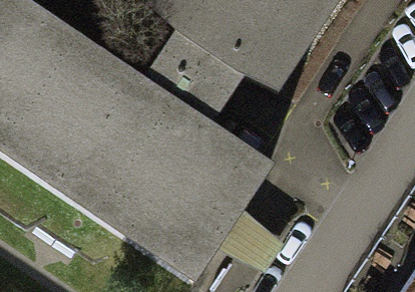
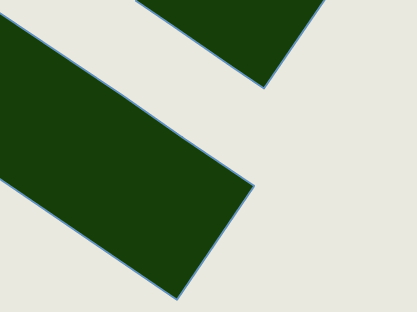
building: [138,29,236,129] -> none

